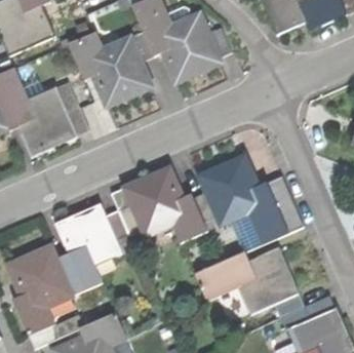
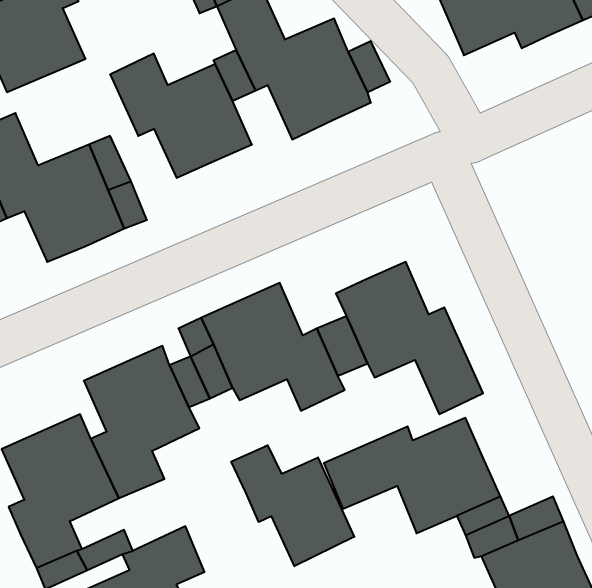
building: none -> [231,445,354,566]

